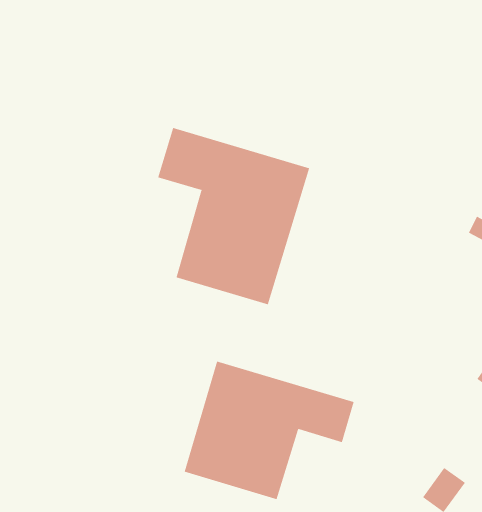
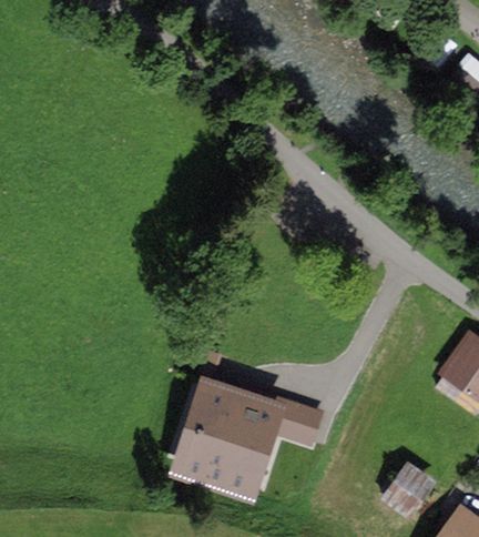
building: [158,127,310,305] -> none

